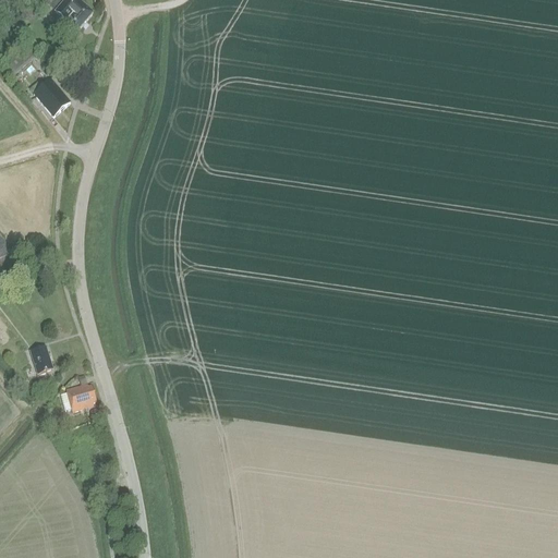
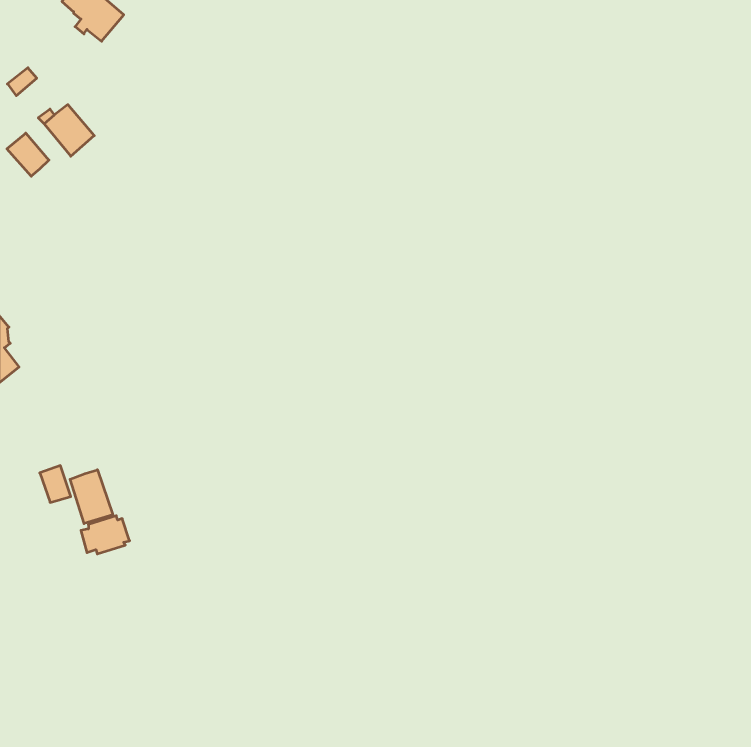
building: none -> [7,133,49,176]
building: none -> [70,470,113,524]

